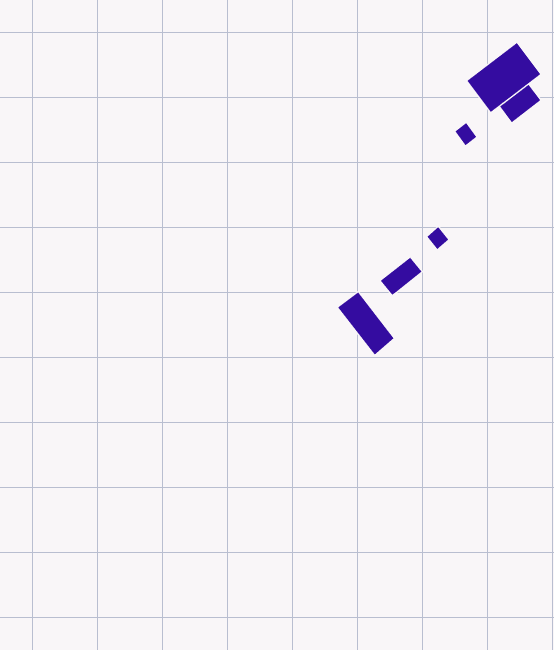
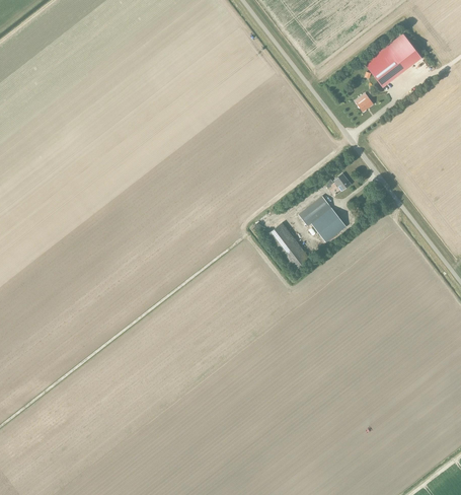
building: [499,84,541,123] -> none
building: none -> [311,207,347,241]

